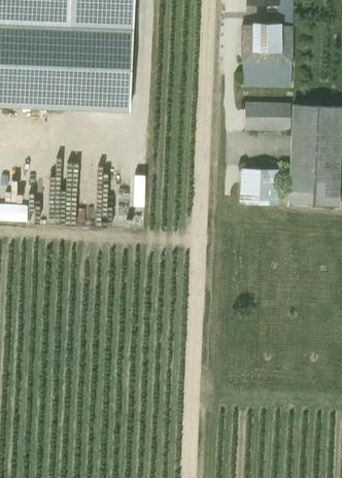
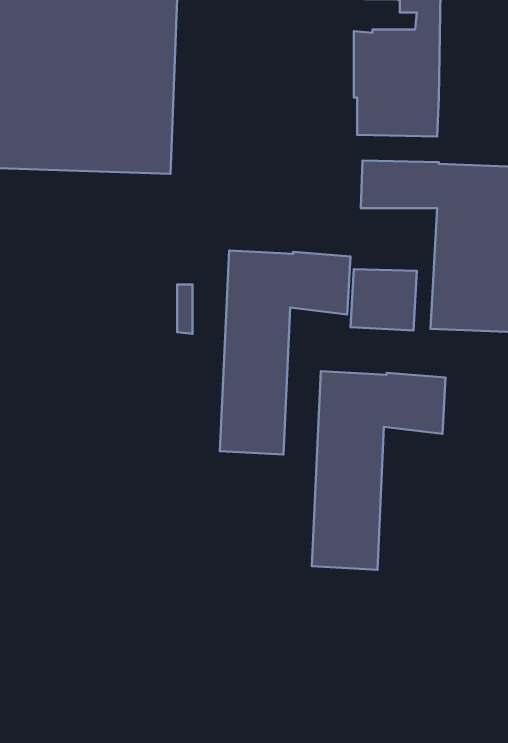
building: none -> [220,251,351,454]
building: none -> [312,371,446,570]

